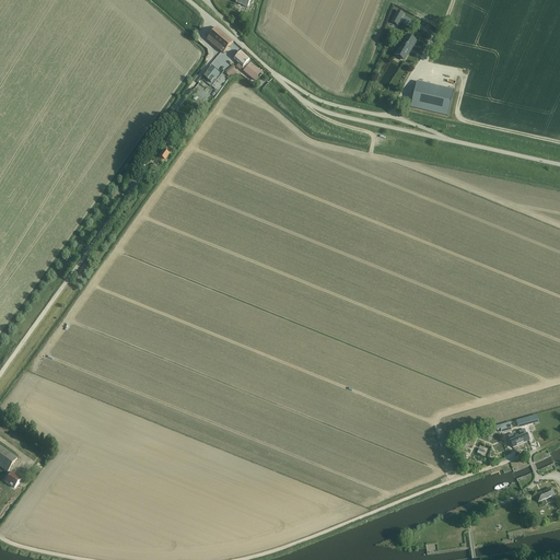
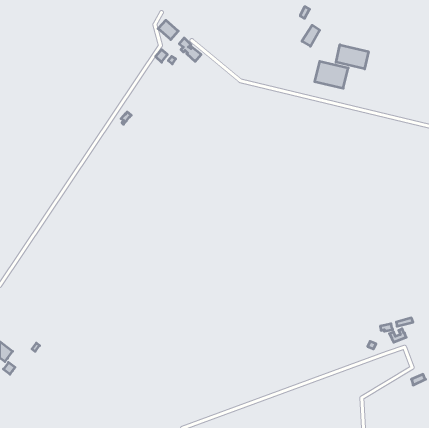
building: none -> [336,45,368,69]

